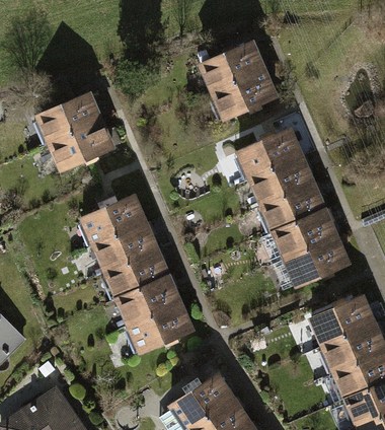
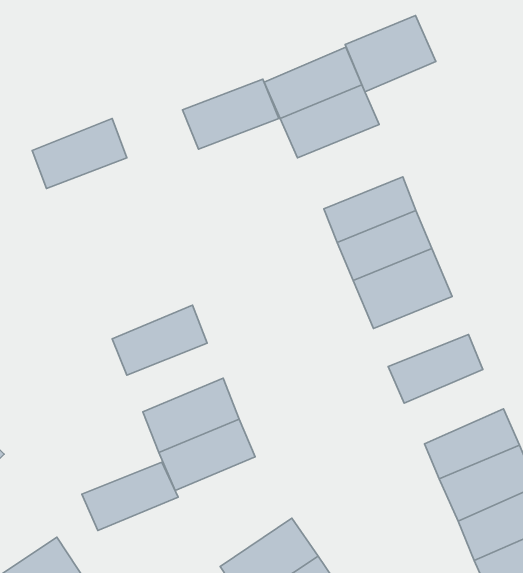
building: none -> [345,15,436,92]
building: [47,121,113,169] -> [183,79,279,149]
building: [81,198,148,246] -> none
building: [274,217,339,266] -> none
building: [102,249,169,297] -> [82,462,178,531]

